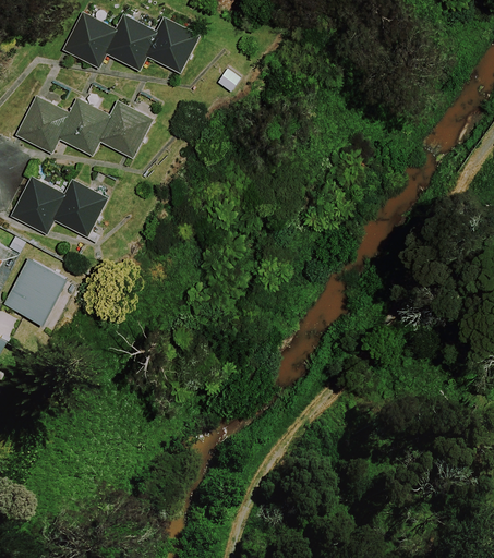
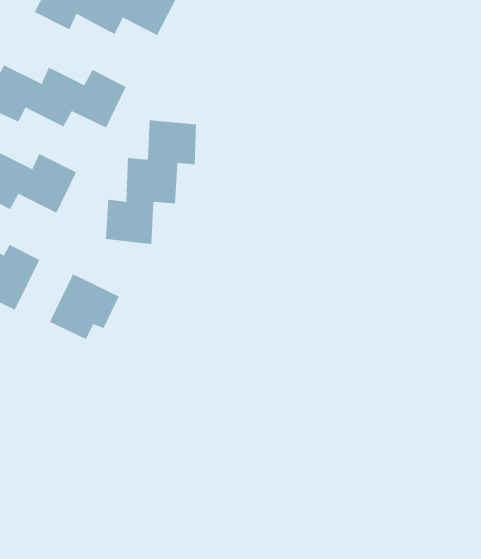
building: none -> [105,119,196,245]
building: none -> [49,273,120,340]

